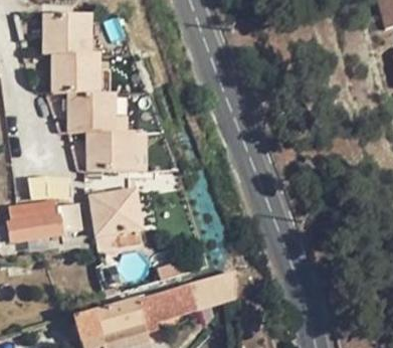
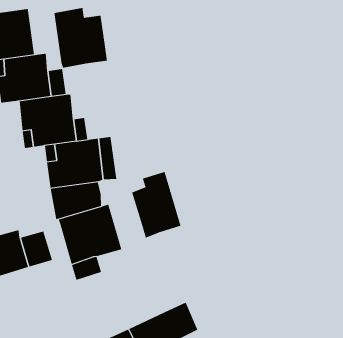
building: none -> [54,7,107,69]
building: none -> [132,171,181,238]
building: [189,270,232,309] -> none

